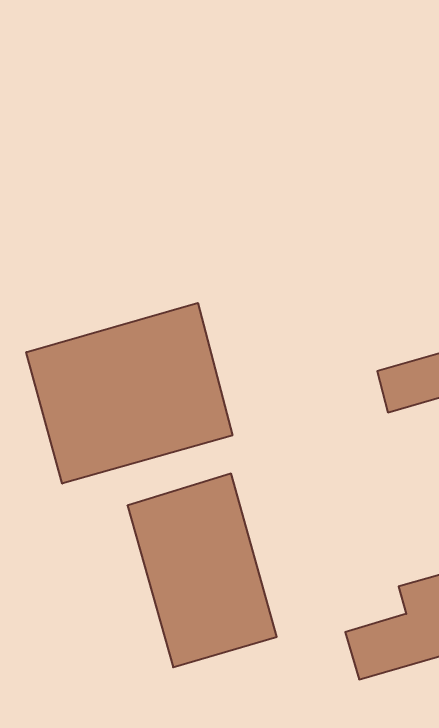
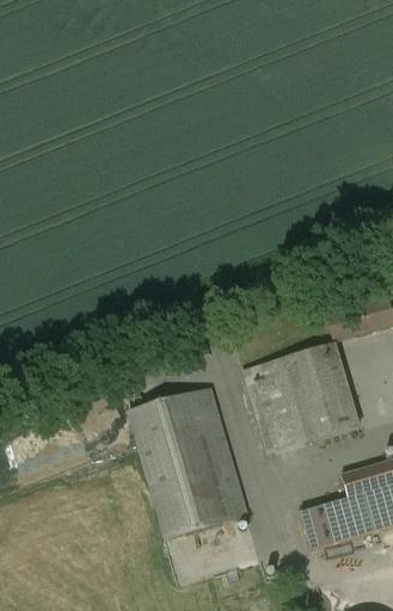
building: [26,303,232,484] -> none
building: none -> [244,342,360,452]

